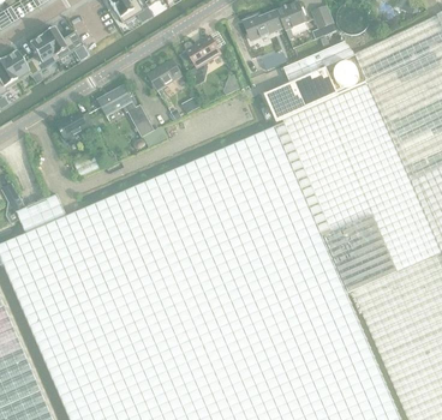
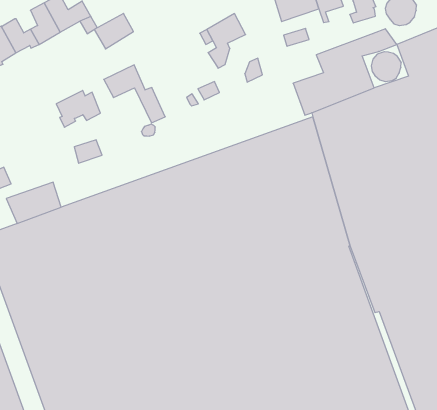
building: [147,60,181,92] -> [94,13,133,49]

